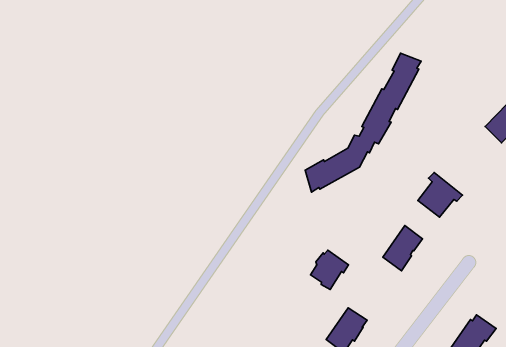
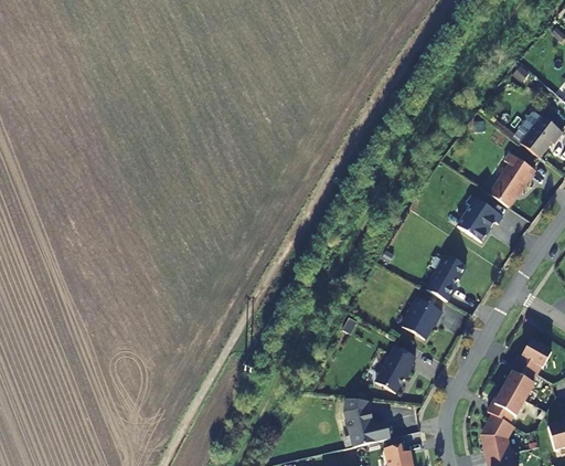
building: [305,53,421,192] -> none
building: none -> [489,152,535,206]
building: [310,250,348,289] -> [403,298,441,339]

